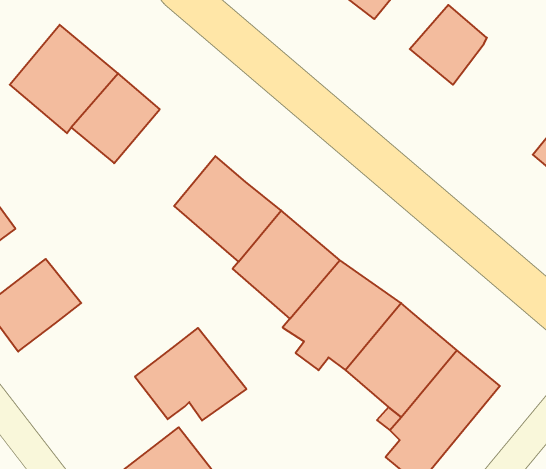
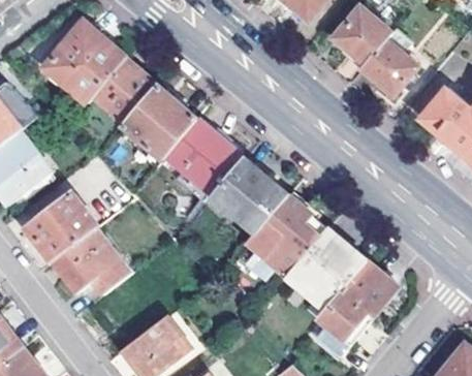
building: none -> [365,37,419,93]
building: none -> [119,85,193,159]
building: [135,328,246,421] -> [51,225,131,292]

